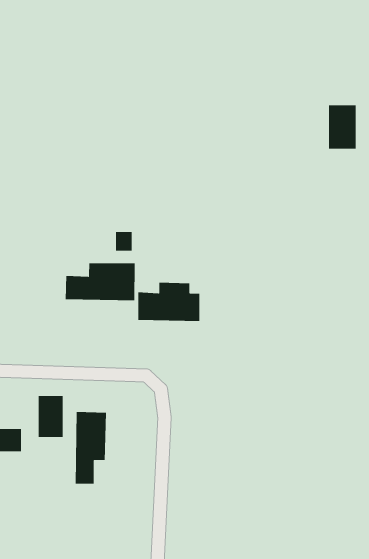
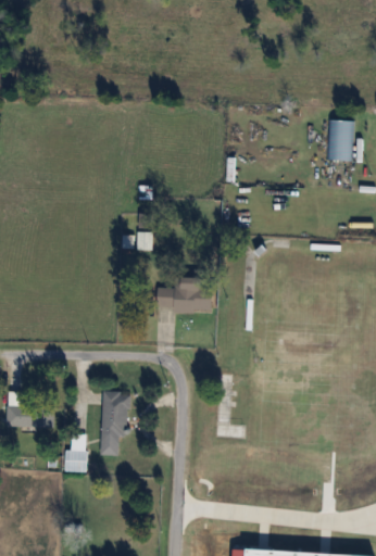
building: [65,262,135,301] -> none
building: [38,396,64,438] -> [64,435,87,472]

